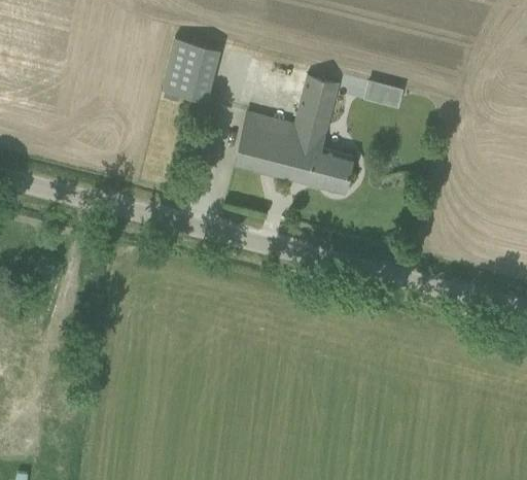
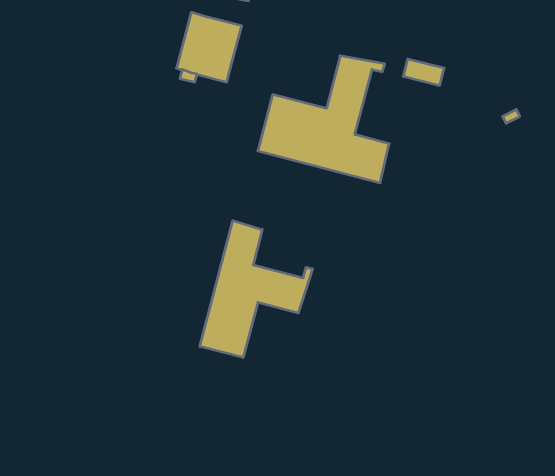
building: none -> [200,221,313,358]

